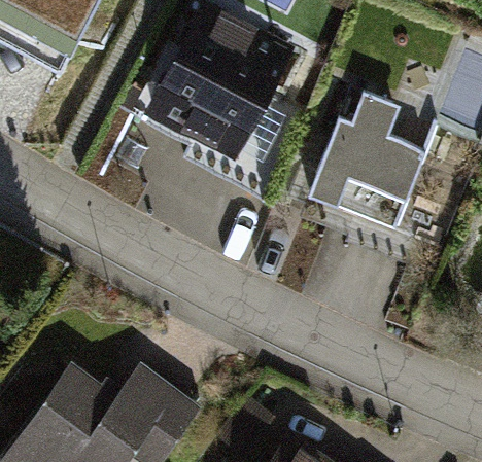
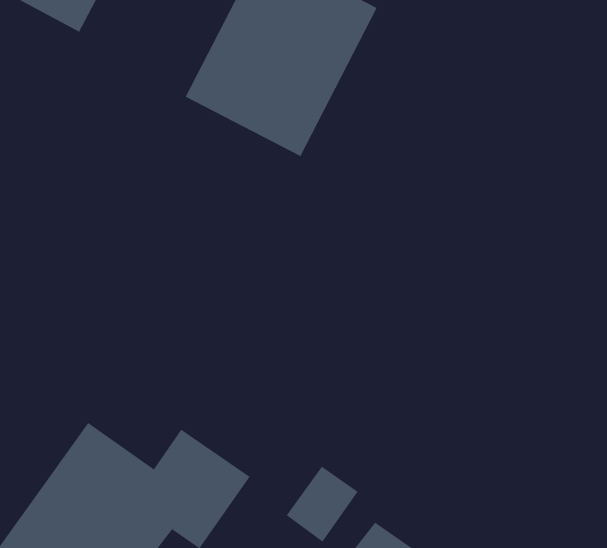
building: [311,88,437,228] -> none

